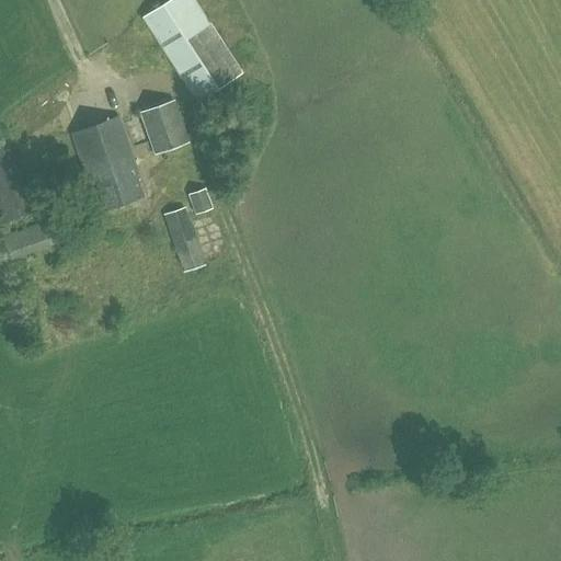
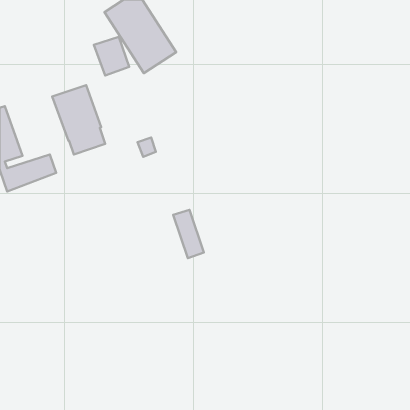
building: [139,101,187,153] -> [94,37,129,76]
building: [163,206,205,272] -> [173,210,204,258]

